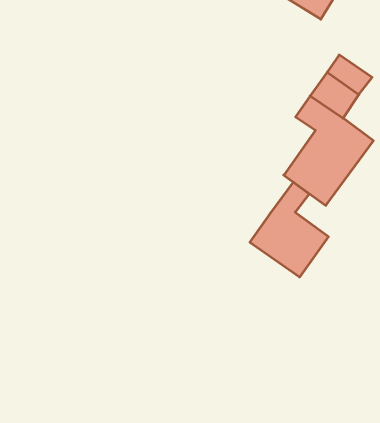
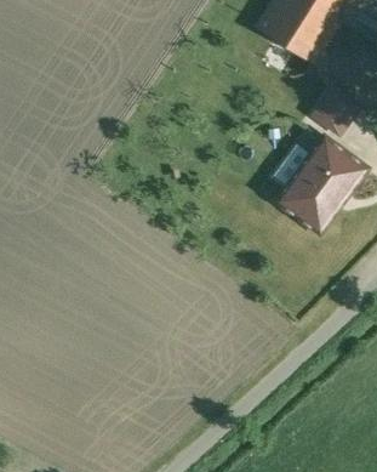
building: [250,182,328,277] -> none

